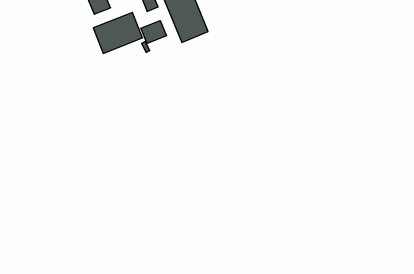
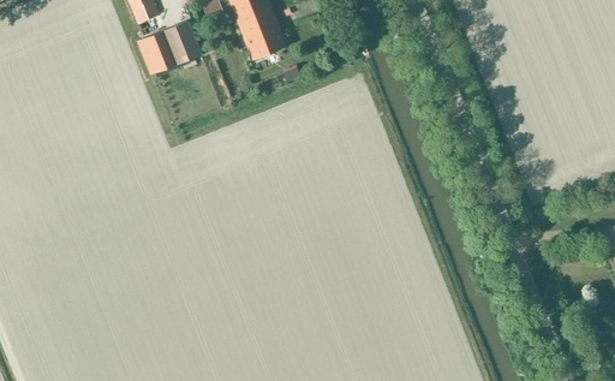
building: [141,21,166,43] -> none

